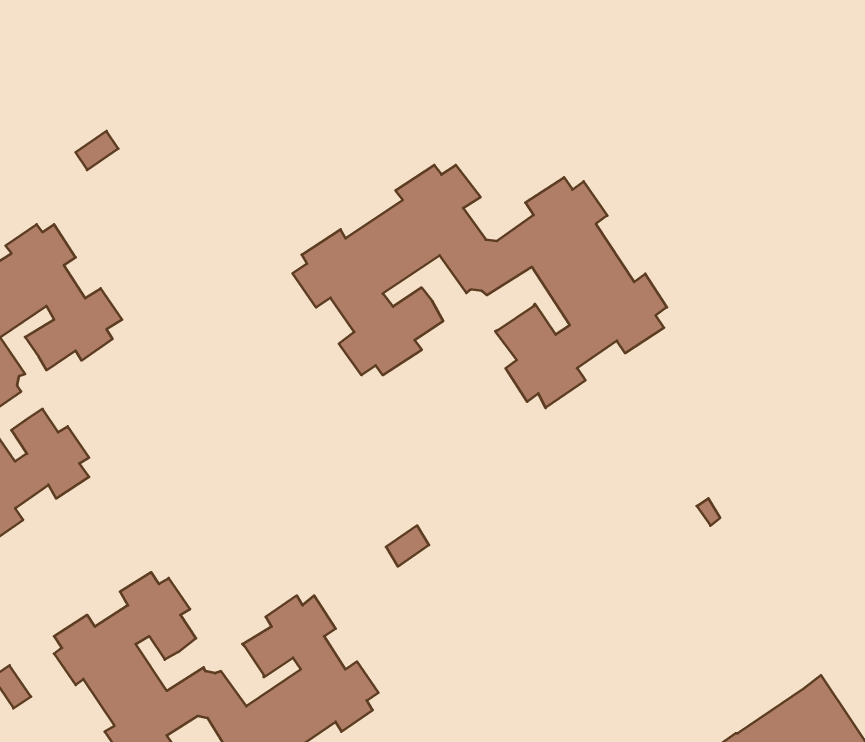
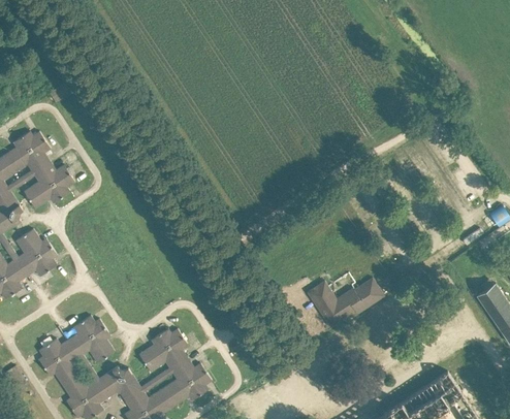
building: [293,165,667,408] -> none
building: none -> [307,279,383,328]

